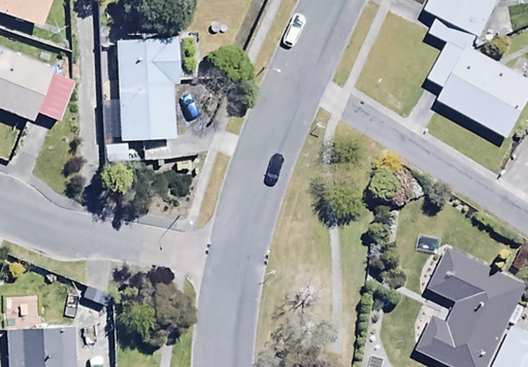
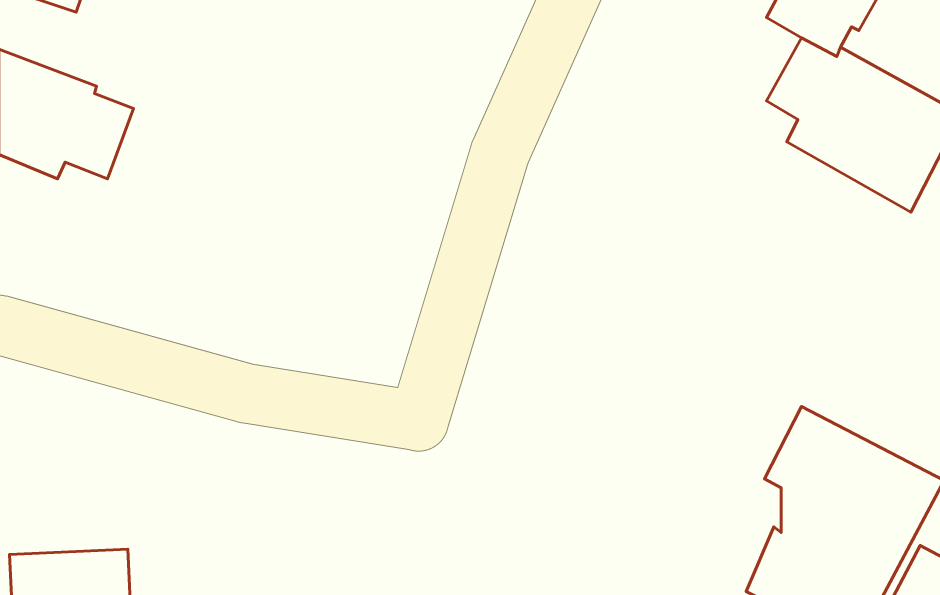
building: [100,36,180,140] -> none

